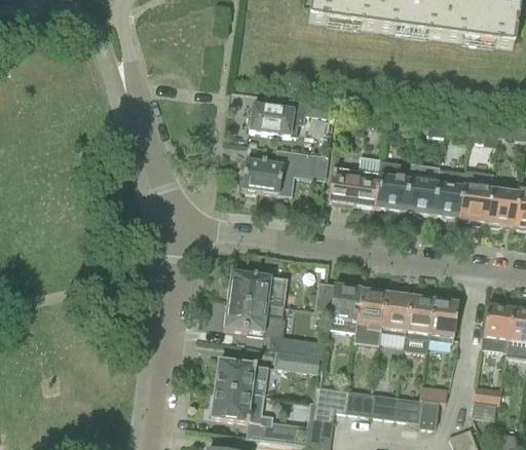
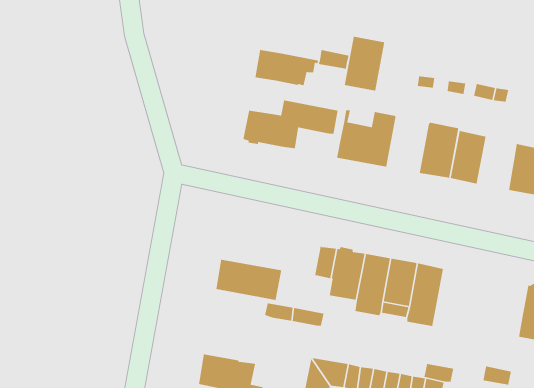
building: [376,161,412,212] -> [344,36,385,92]
building: [460,170,495,223] -> none
building: [227,271,288,307] -> none
building: [428,298,458,341] -> none
building: [482,303,512,340] -> none
building: [274,352,321,374] -> none
building: [216,360,269,396] -> none

